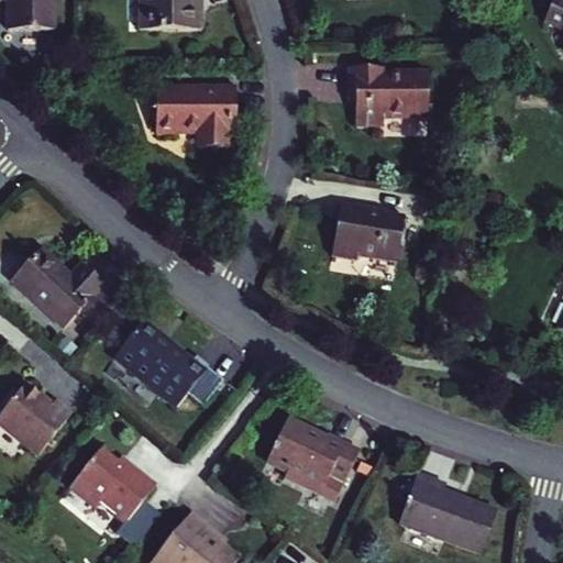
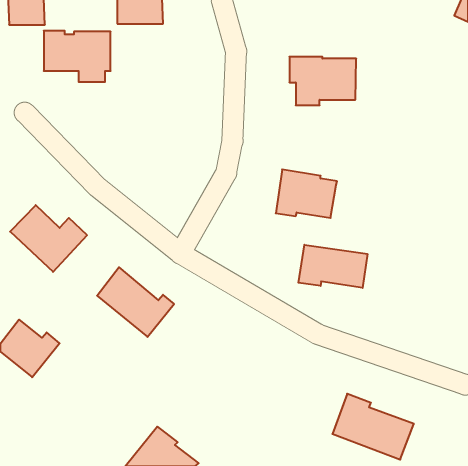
building: [155,85,235,146] -> [44,31,111,82]
building: none -> [298,245,367,288]
building: [266,419,360,499] -> none
building: [69,448,156,520] -> none

